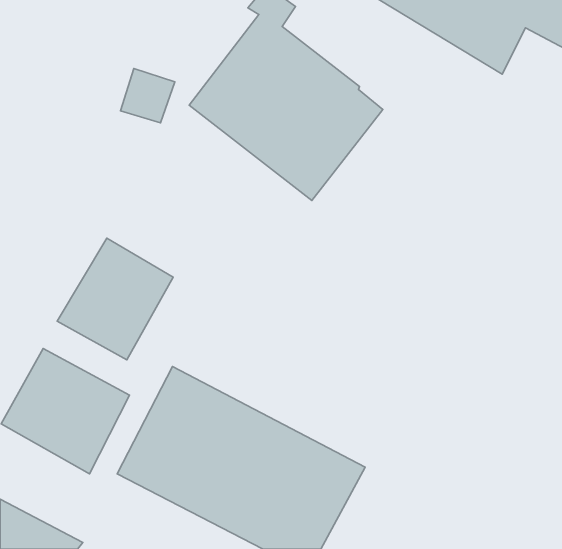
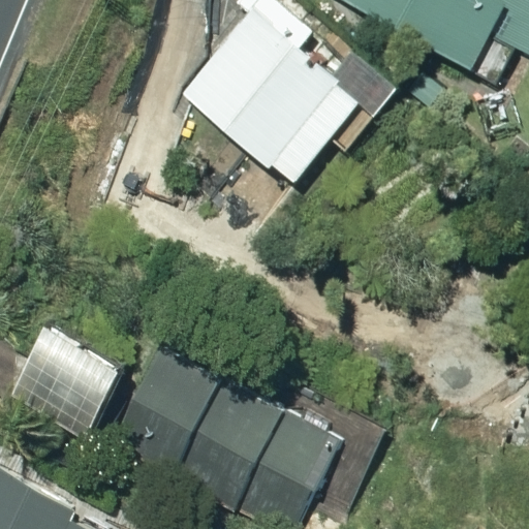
building: [57,238,173,360] -> none

